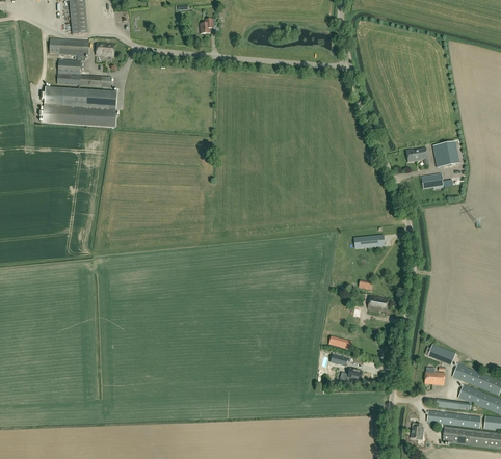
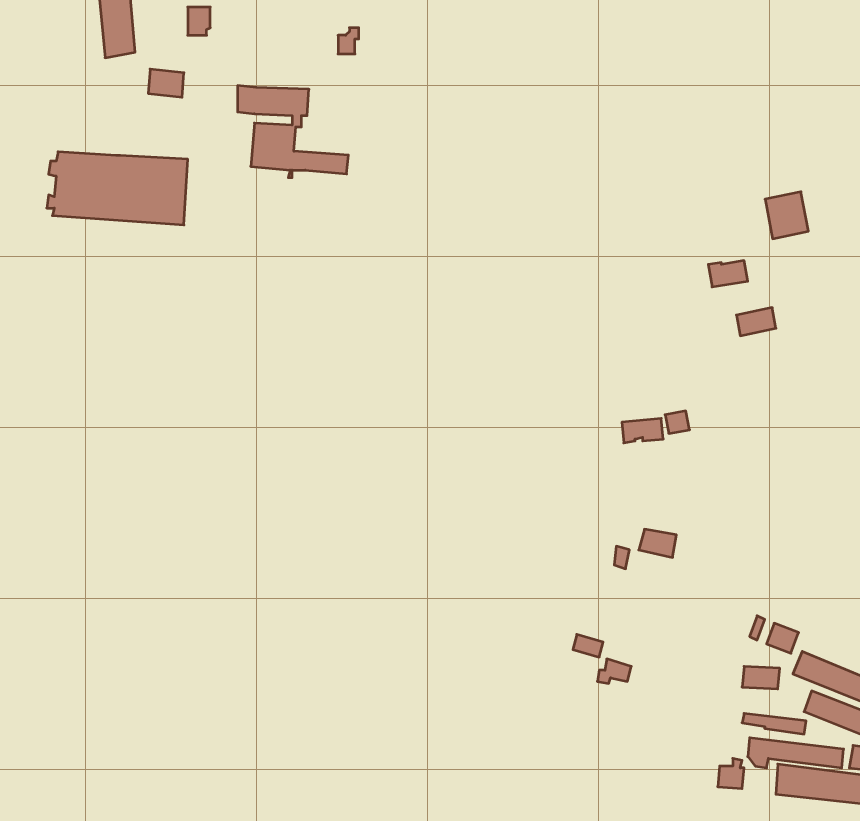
building: [49,37,110,88] -> [238,86,348,178]
building: [432,140,456,166] -> [765,192,808,239]

